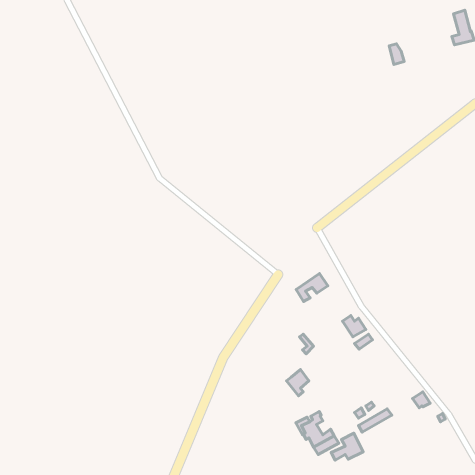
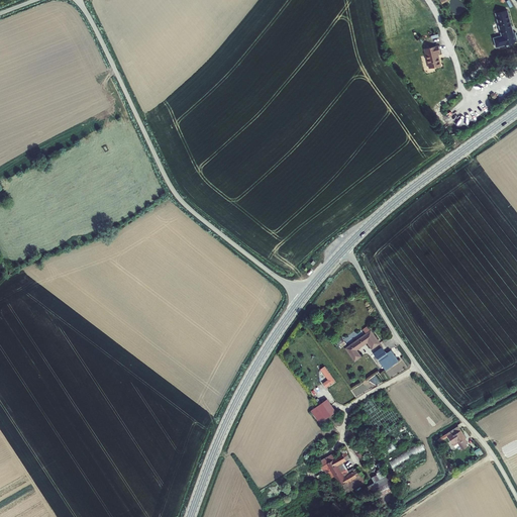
building: [296,274,328,302] -> [343,326,378,356]

